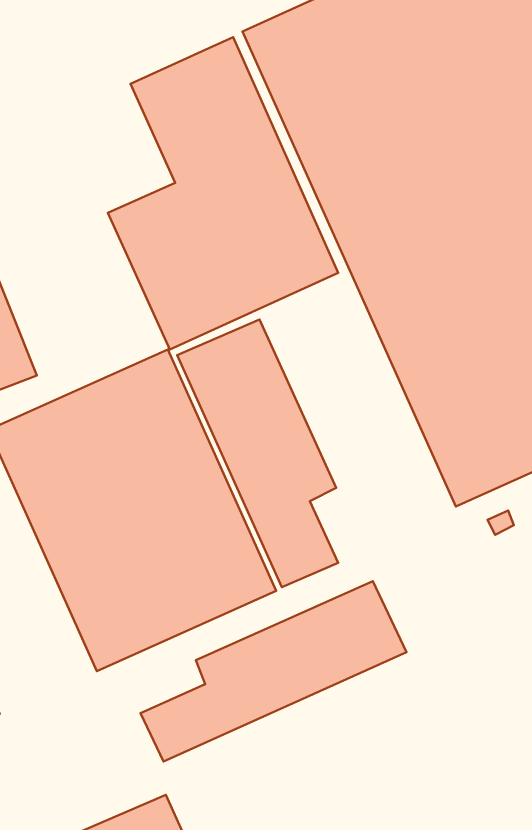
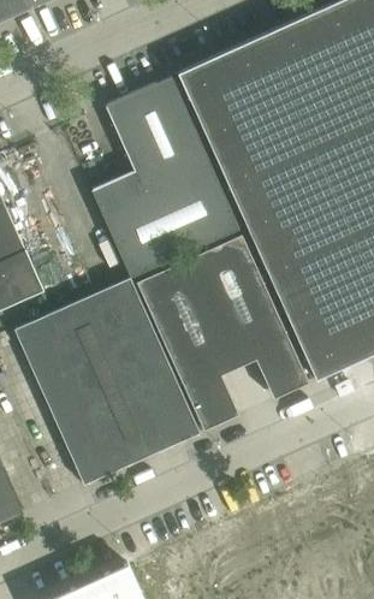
building: none -> [189,235,309,398]
building: [140,581,406,762] -> none

